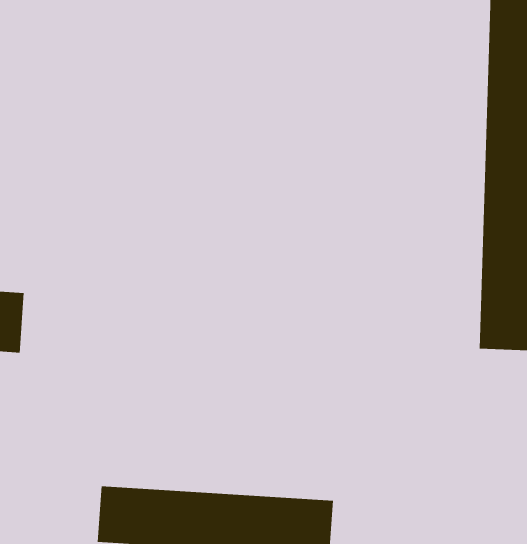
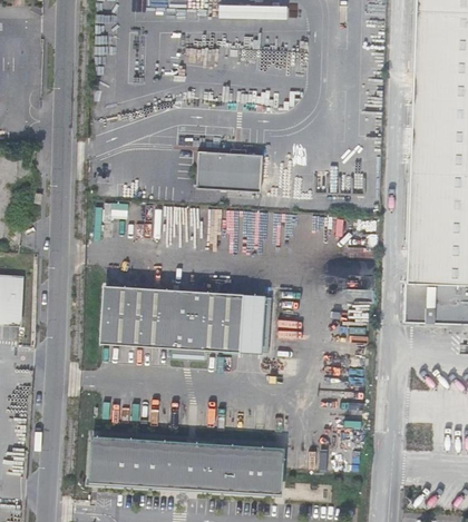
building: none -> [198,148,265,189]
building: none -> [104,285,272,357]

